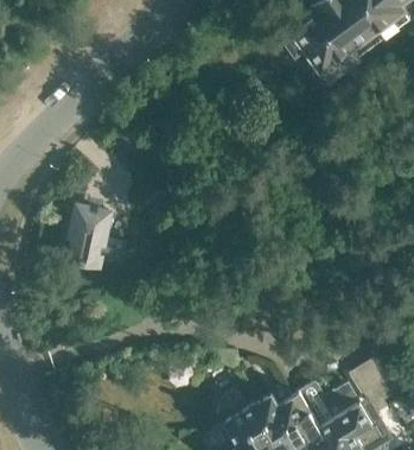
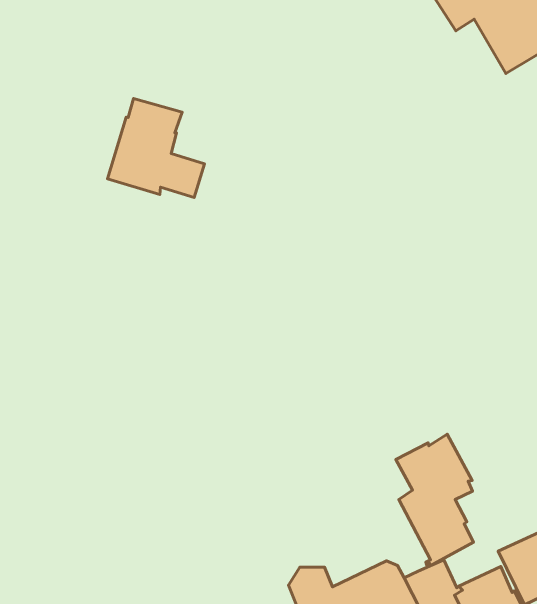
building: [62,214,121,272] -> [108,99,205,198]
building: none -> [396,434,473,566]

